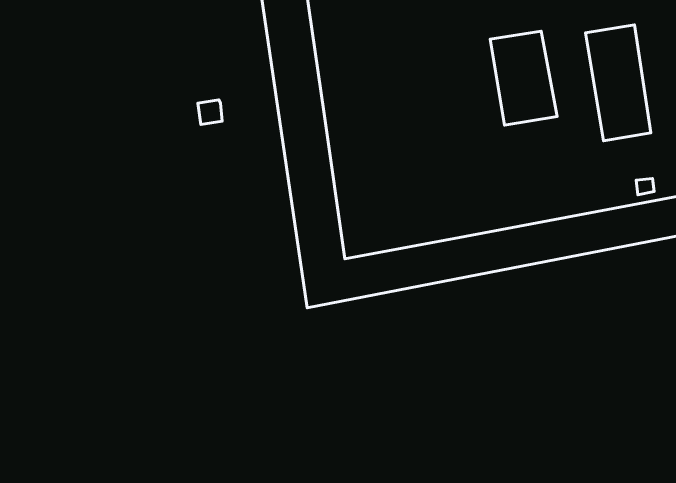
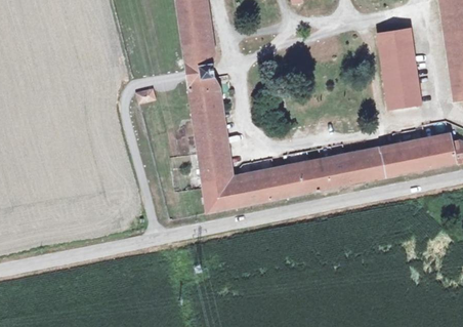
building: [490,31,557,125] -> none

